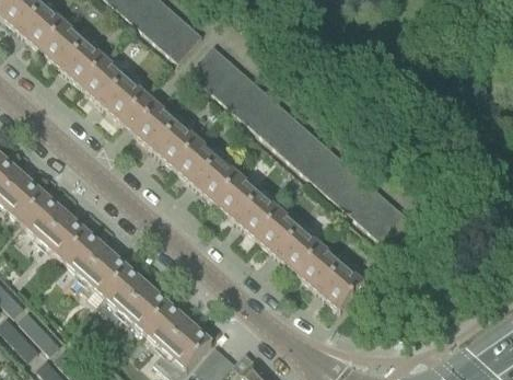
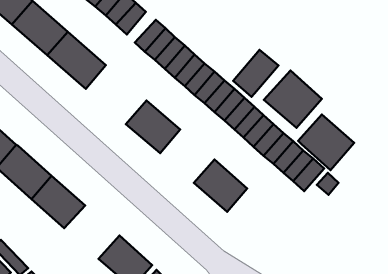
building: none -> [233,50,278,97]
building: [128,97,201,169] -> none
building: none -> [264,71,322,128]
building: none -> [298,114,354,170]
building: [218,175,283,240] -> none
building: [299,246,362,310] -> none
building: [102,267,168,332] -> none

